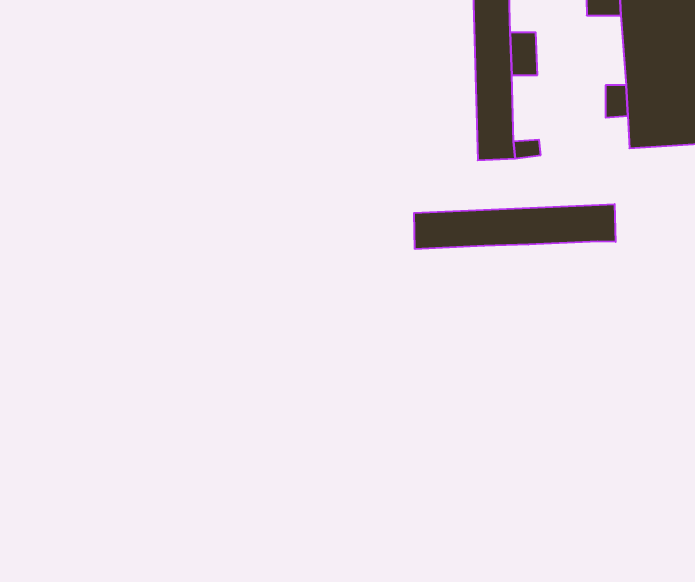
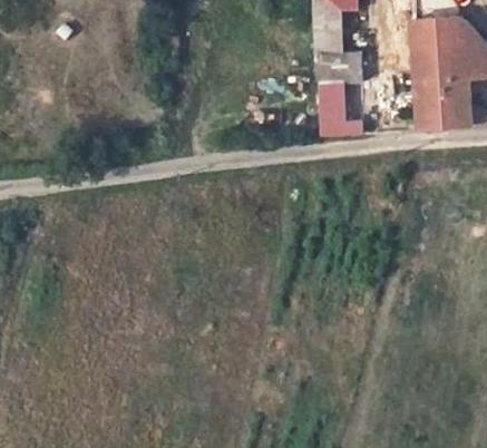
building: [414,204,616,249] -> none

